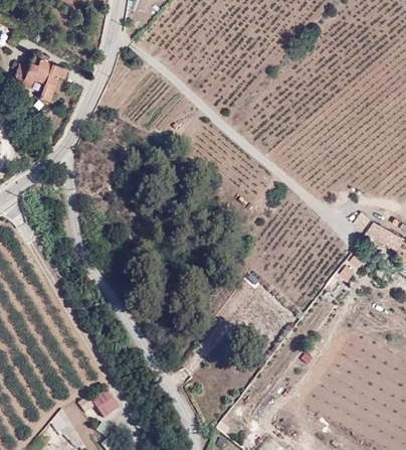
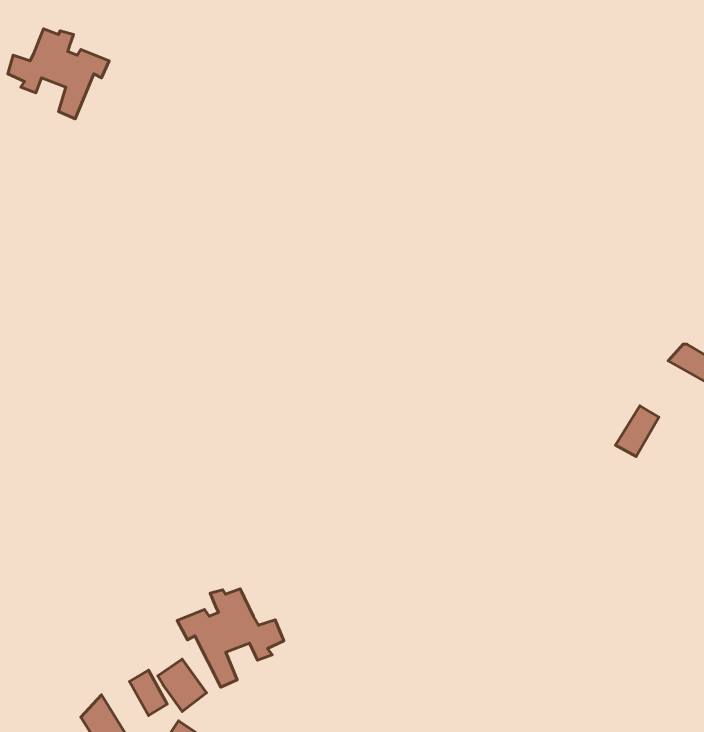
building: none -> [177,589,284,687]

